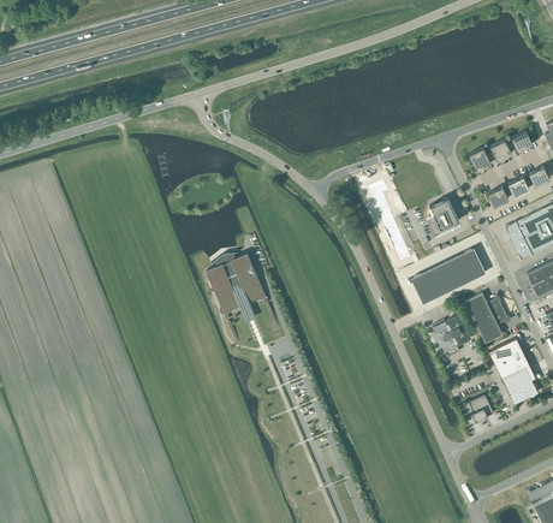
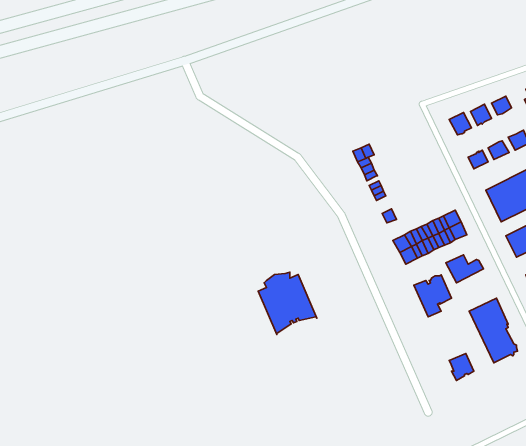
building: [426,197,458,232] -> none
building: [206,251,266,315] -> [258,272,317,335]
building: [475,308,507,343] -> none

